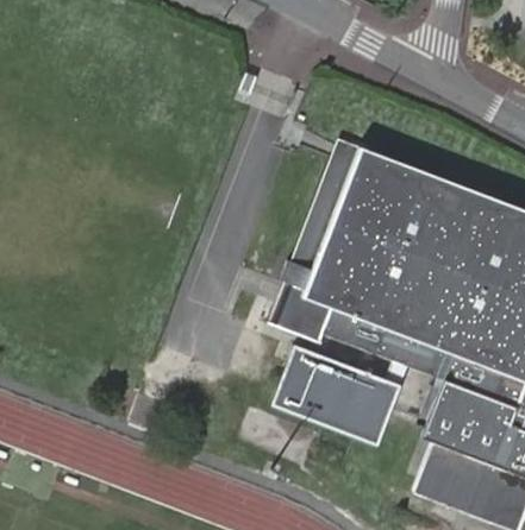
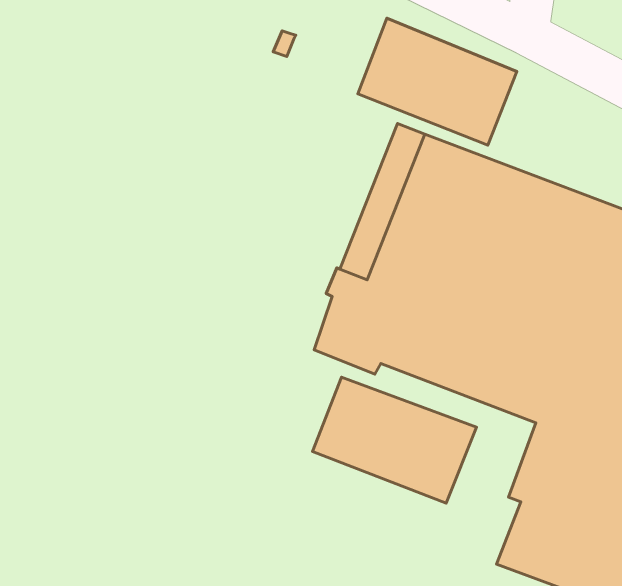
building: none -> [358,18,517,145]

